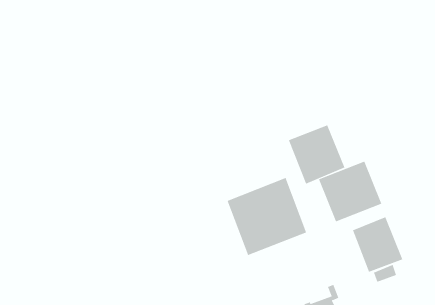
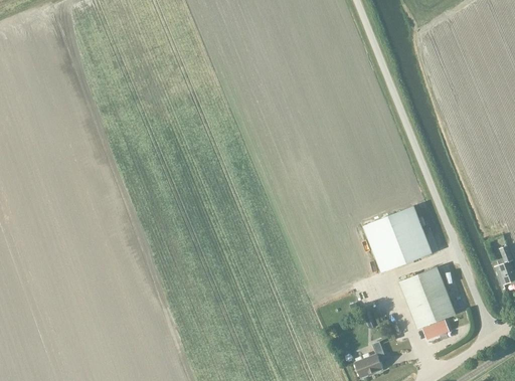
building: [288,125,345,184] -> none
building: [227,177,307,256] -> none

